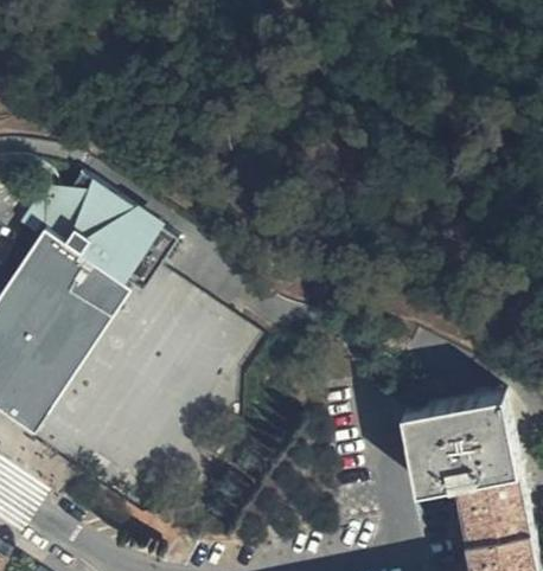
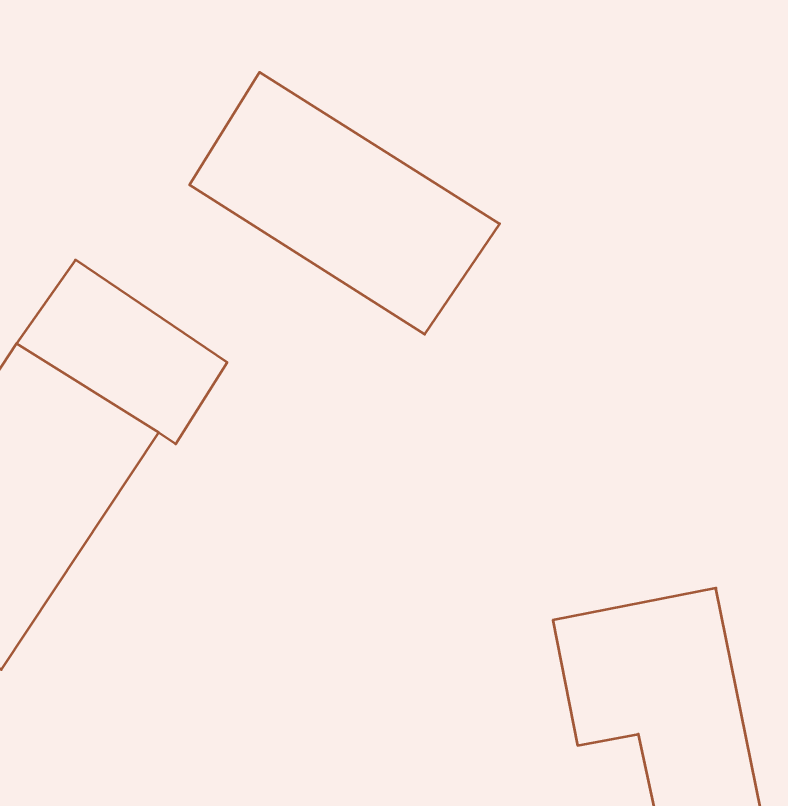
building: none -> [190,72,500,334]

